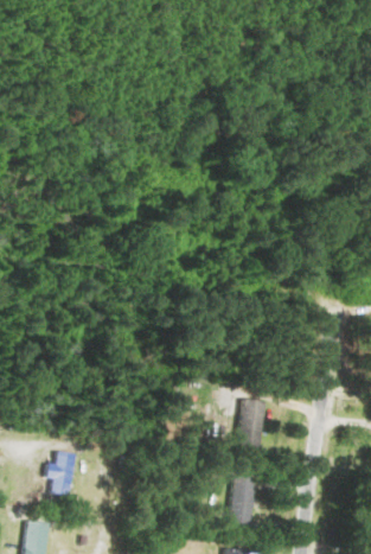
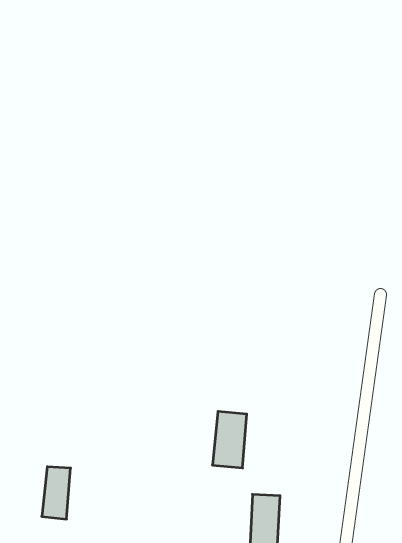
building: [235,400,264,448] -> [212,411,247,468]

